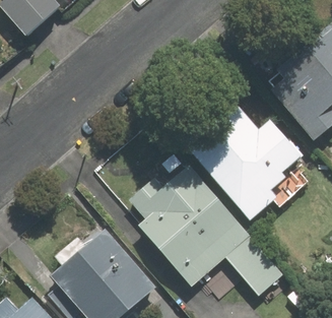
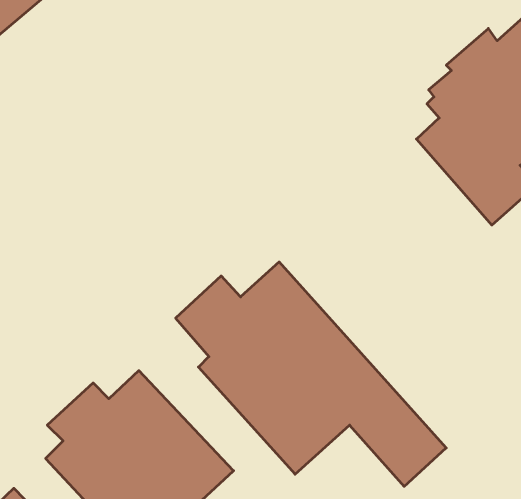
building: [185,114,307,220] -> none

